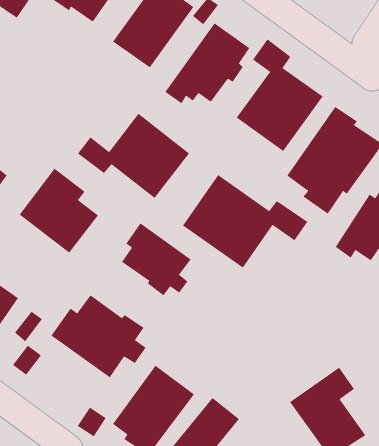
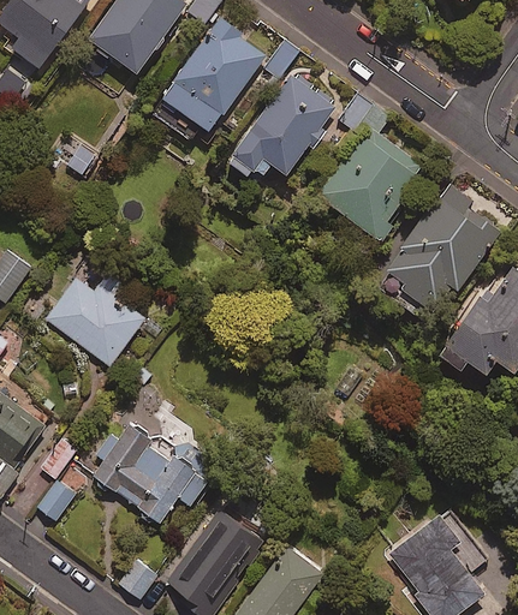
building: [77,113,190,199] -> none
building: [182,174,308,269] -> none
building: [121,223,191,296] -> none

